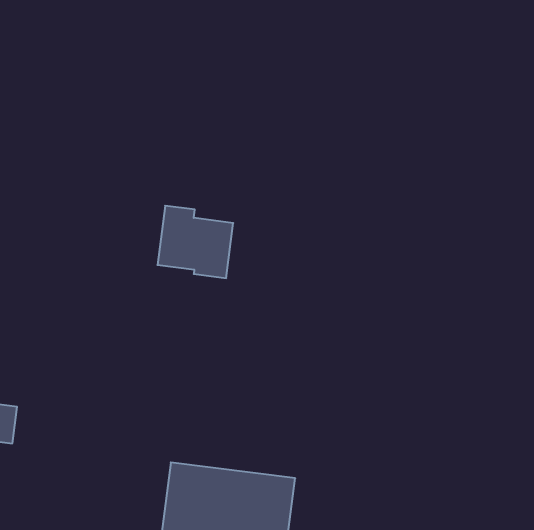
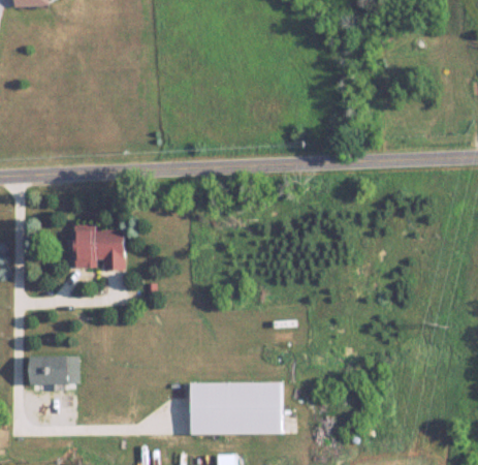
building: [157,206,233,278] -> [72,223,123,270]

